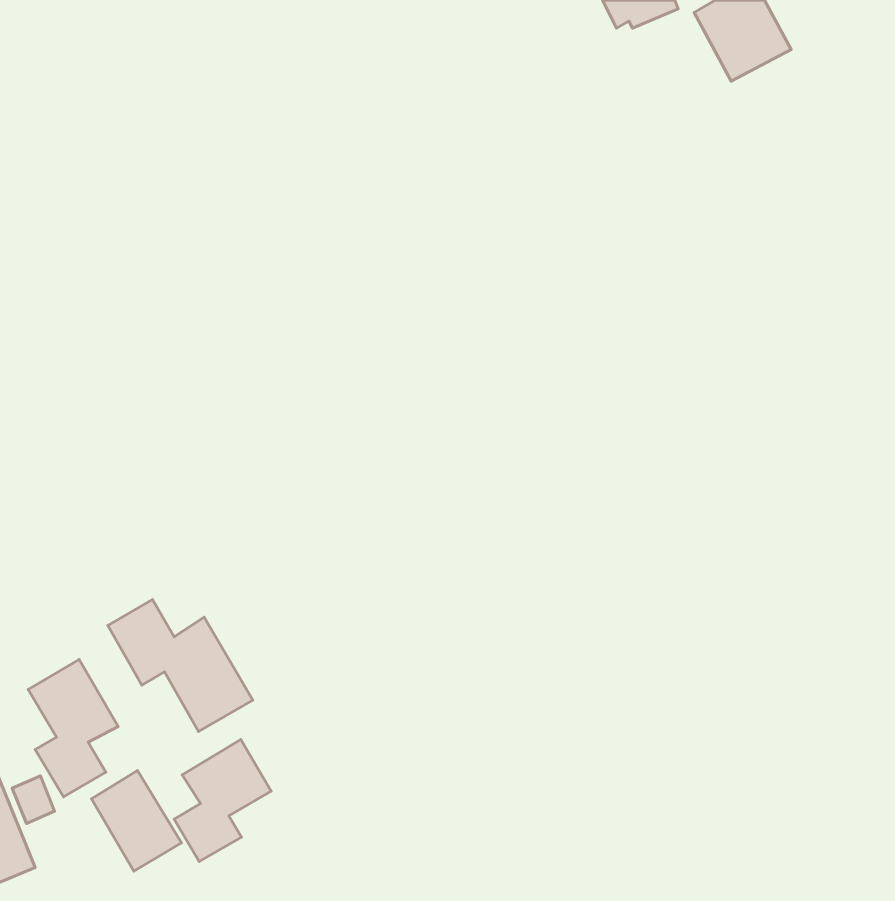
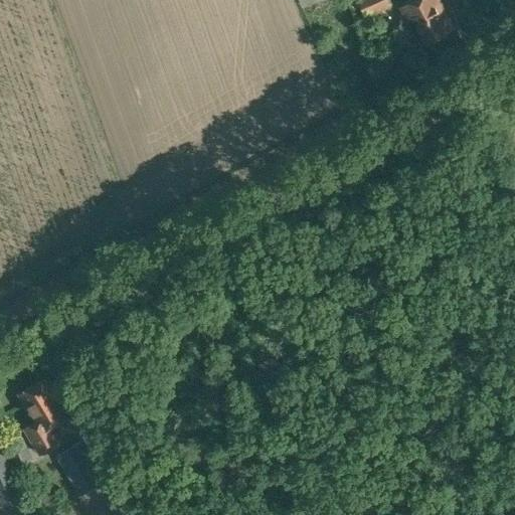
building: [108,599,253,731] -> none
building: [174,740,271,862] -> none

